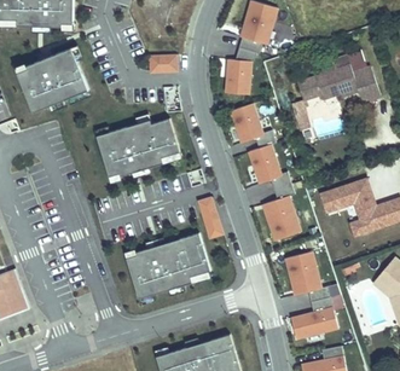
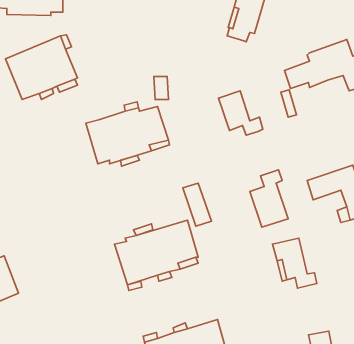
building: [225,47,255,94] -> none
building: [147,54,176,73] -> none
building: [248,144,290,189] -> none
building: [290,297,337,338] -> none

